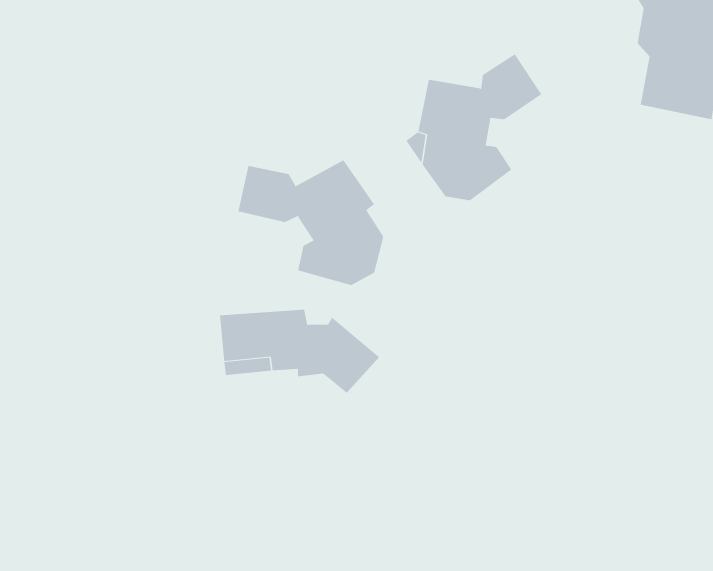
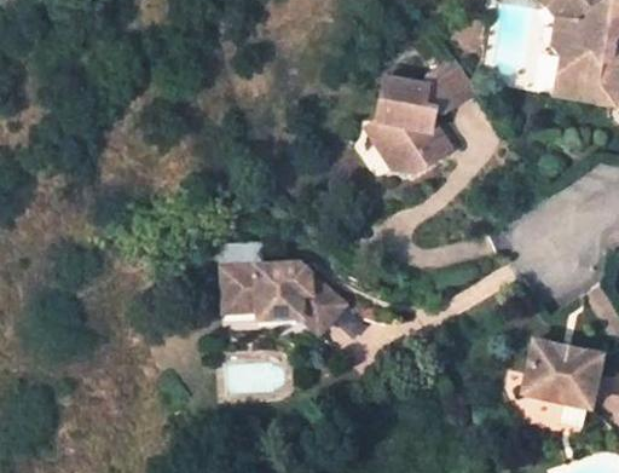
building: [238,160,384,286] -> none
building: none -> [523,351,600,415]

